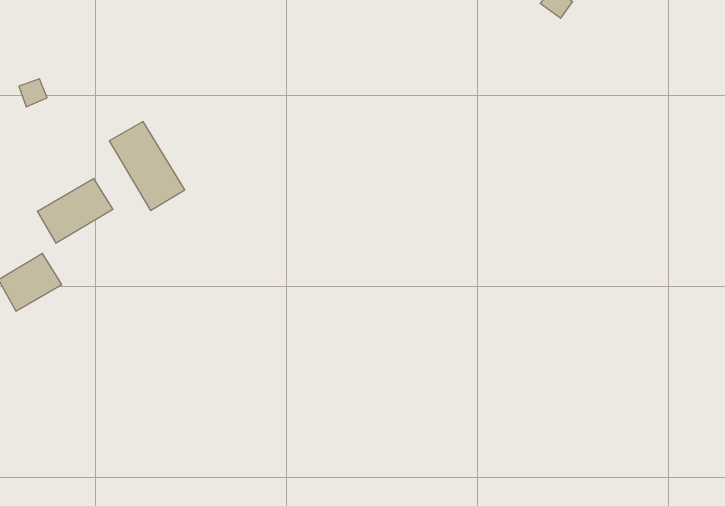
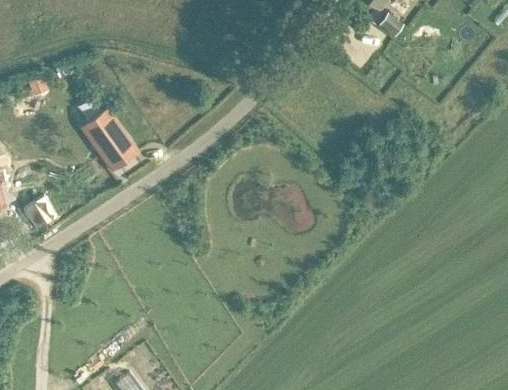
building: [37,178,113,243] -> none

